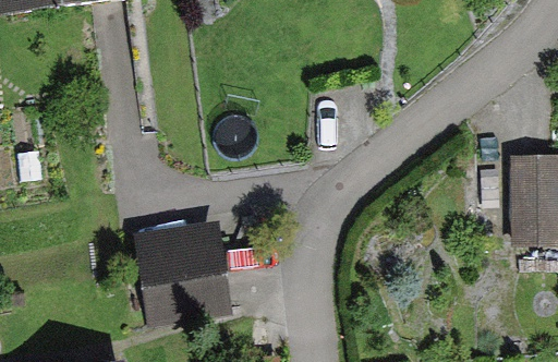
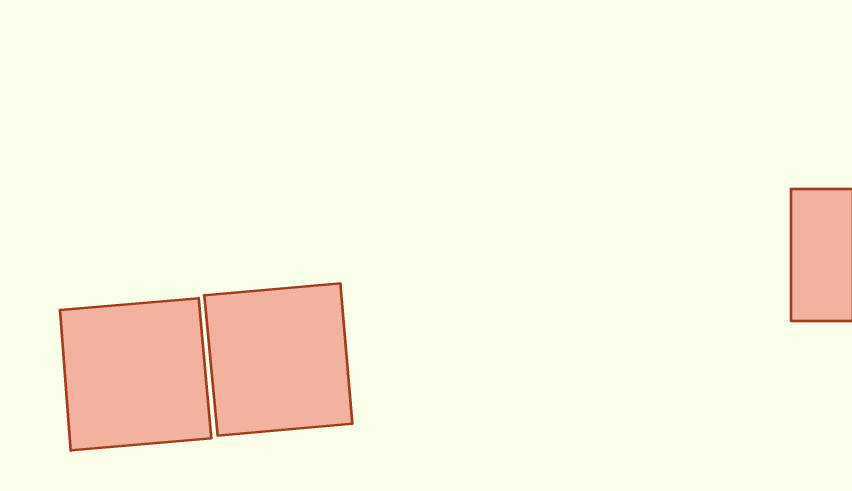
building: none -> [60,298,211,451]

